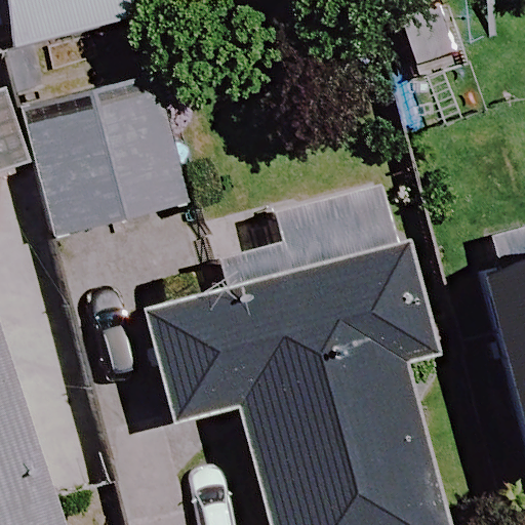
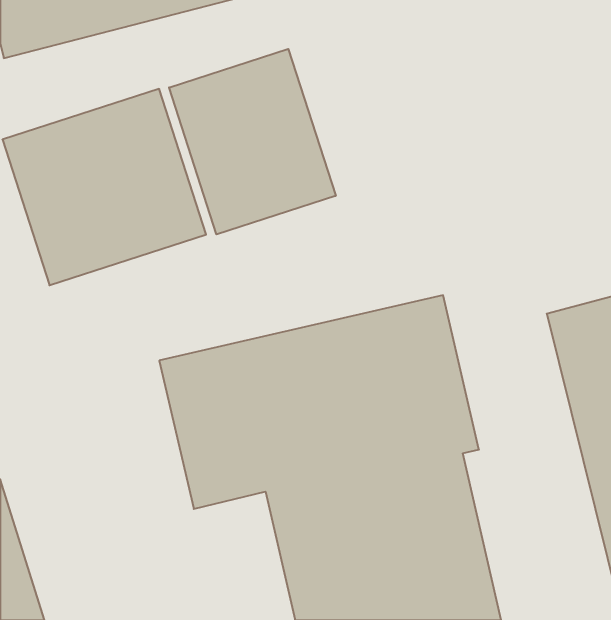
building: none -> [169,49,336,234]

